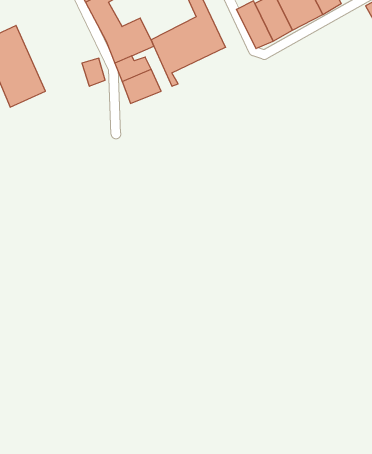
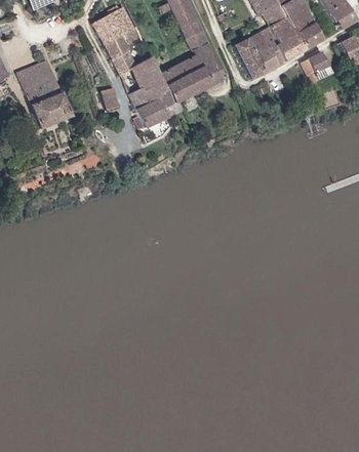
building: none -> [302,54,331,82]
building: none -> [145,77,178,115]

